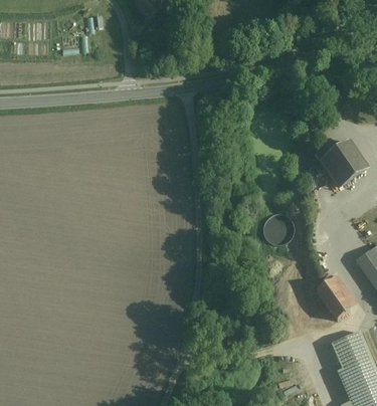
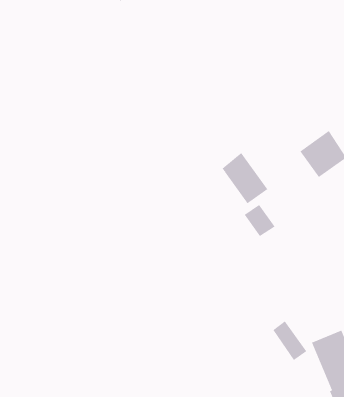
building: none -> [222,152,268,204]
building: [316,278,349,317] -> [272,321,307,361]

